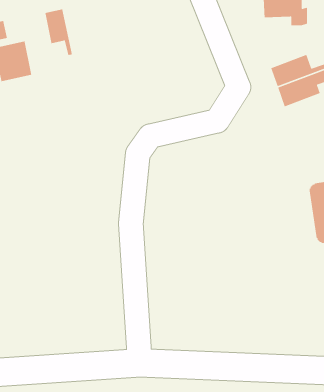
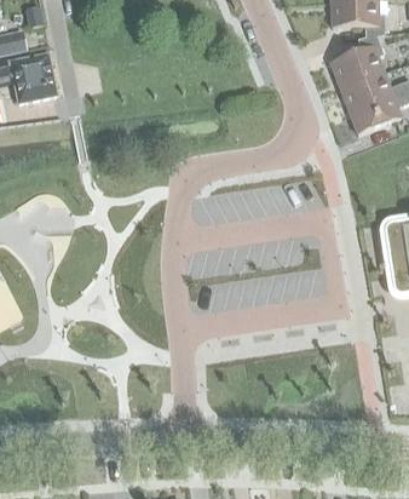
building: [44,8,73,56] -> none
building: none -> [329,35,384,85]

